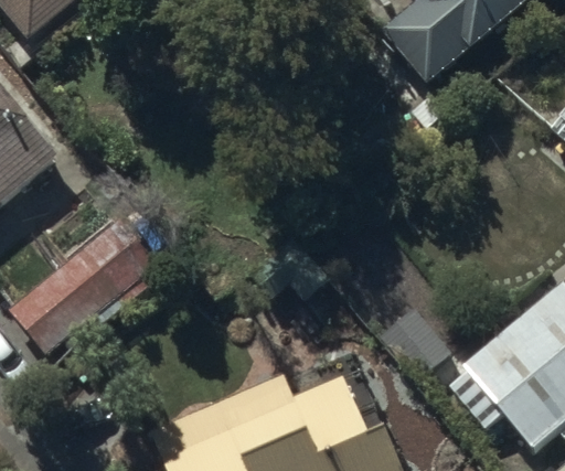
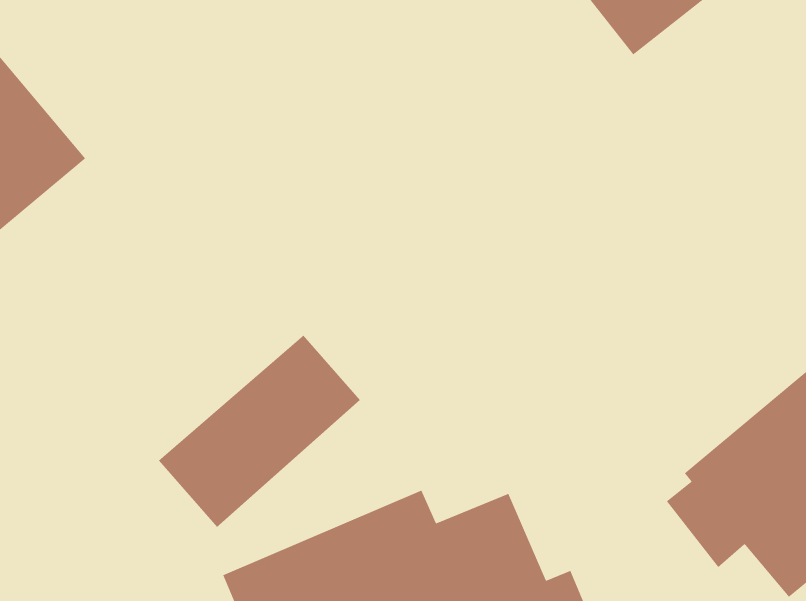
building: [11,225,148,355] -> [158,334,361,528]

